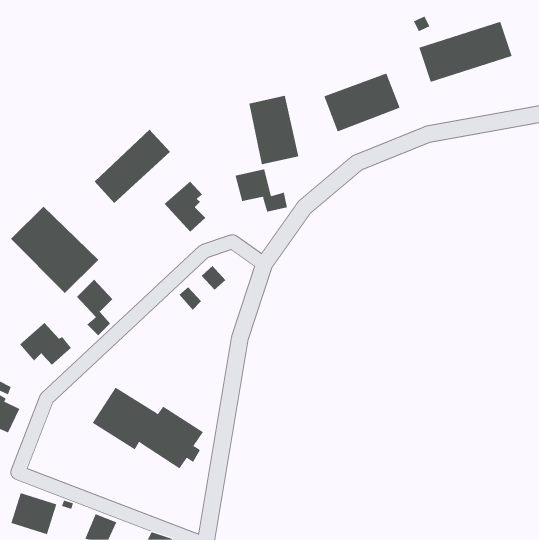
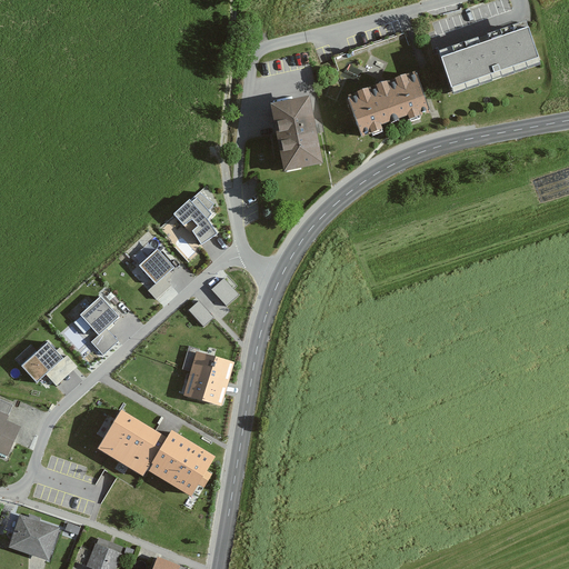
building: [94,129,171,204] -> none
building: [235,169,288,213] -> none
building: [10,206,99,294] -> none
building: none -> [138,246,173,281]
building: none -> [179,355,228,408]

